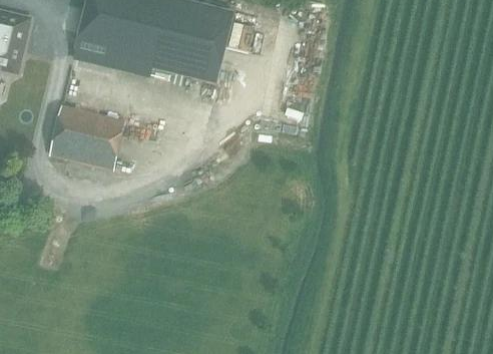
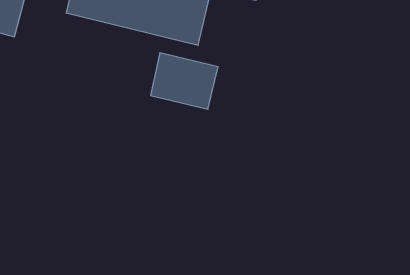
building: [50,108,123,169] -> [151,53,218,109]

